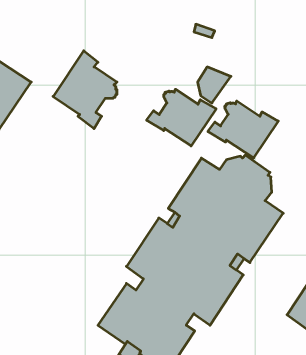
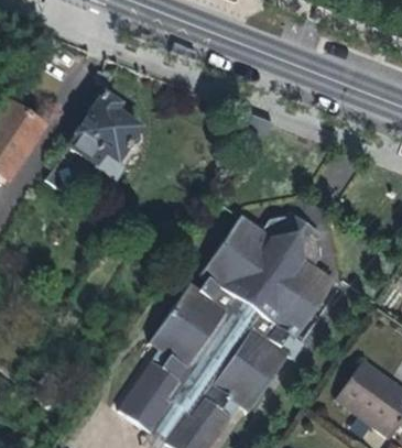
building: [147,89,216,146] -> none
building: [208,101,278,158] -> none

